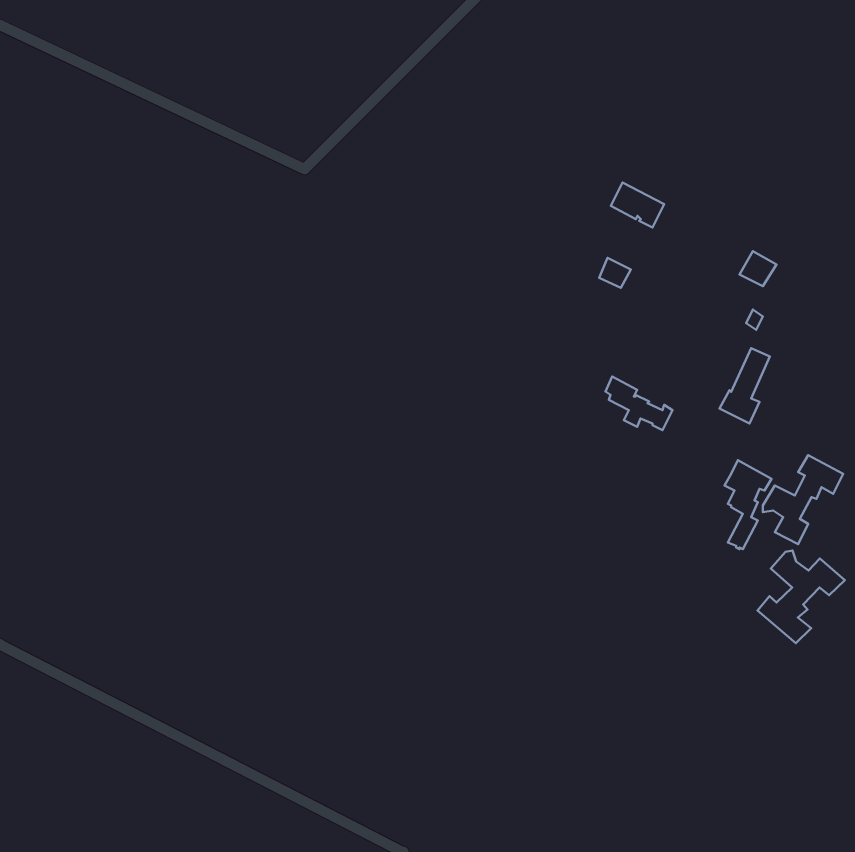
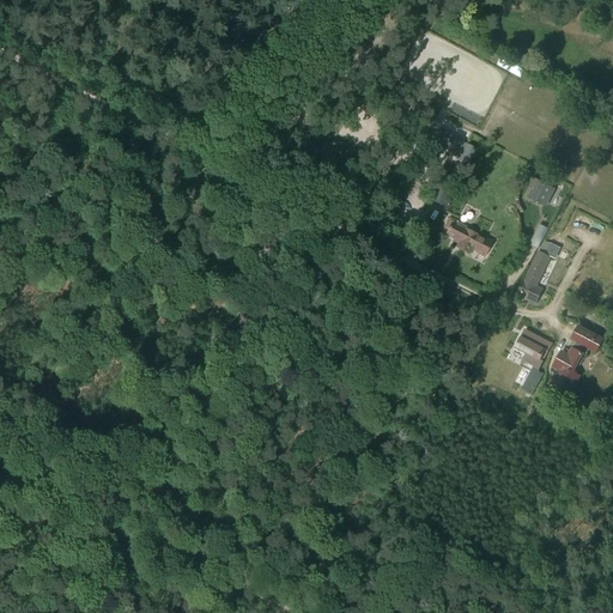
building: [606,377,672,430] -> [444,216,492,254]
building: [757,550,845,643] -> none

